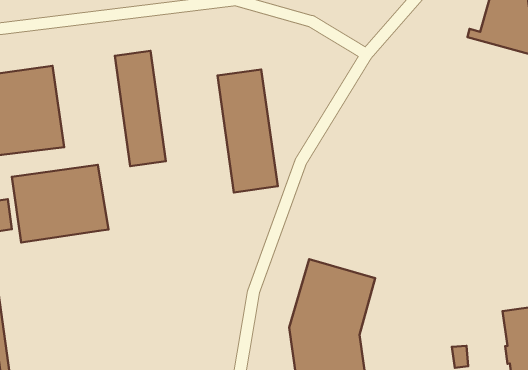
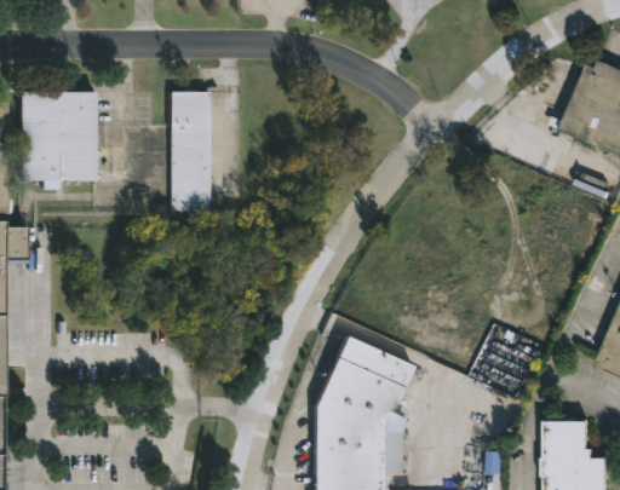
building: [217,69,278,192] -> none
building: [12,165,108,243] -> none

